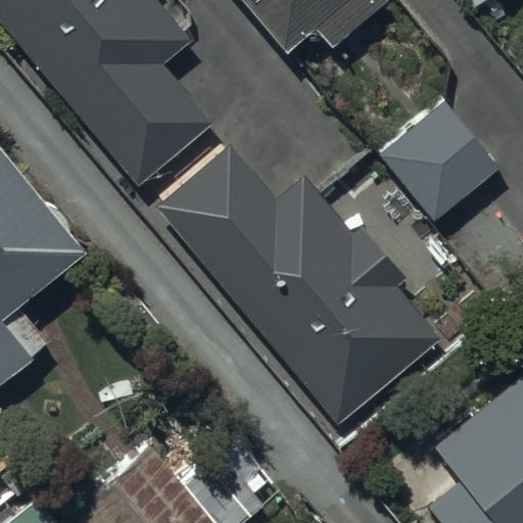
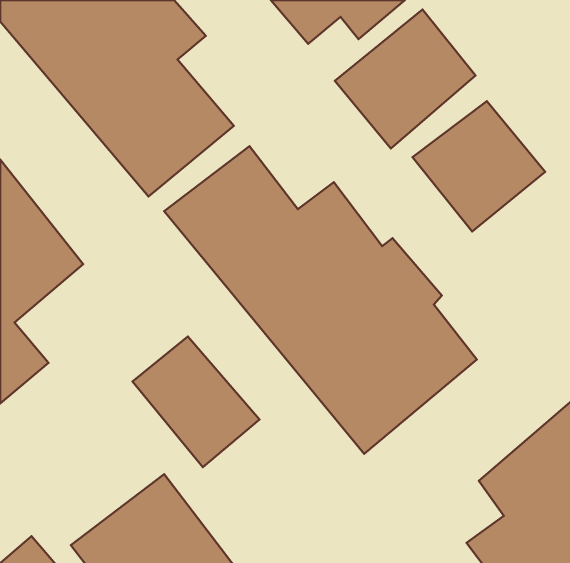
building: none -> [335,9,475,148]
building: none -> [132,337,260,467]

